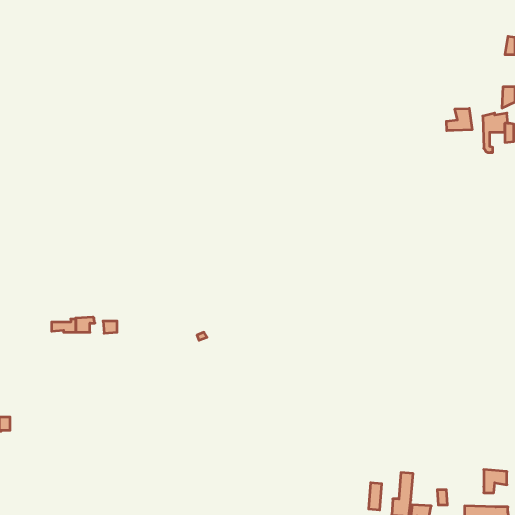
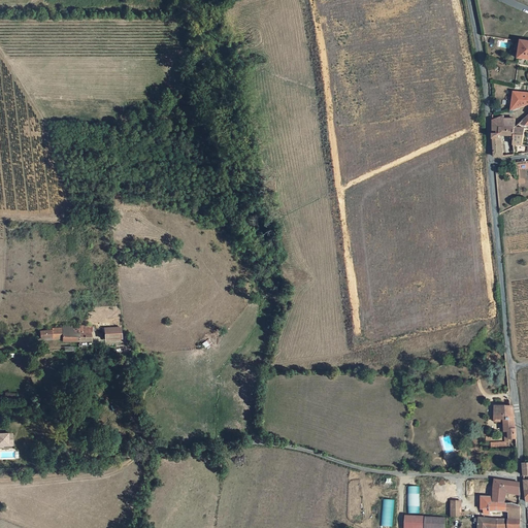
building: [446,108,472,131] -> none
building: none -> [494,407,514,440]
building: none -> [480,497,519,519]

